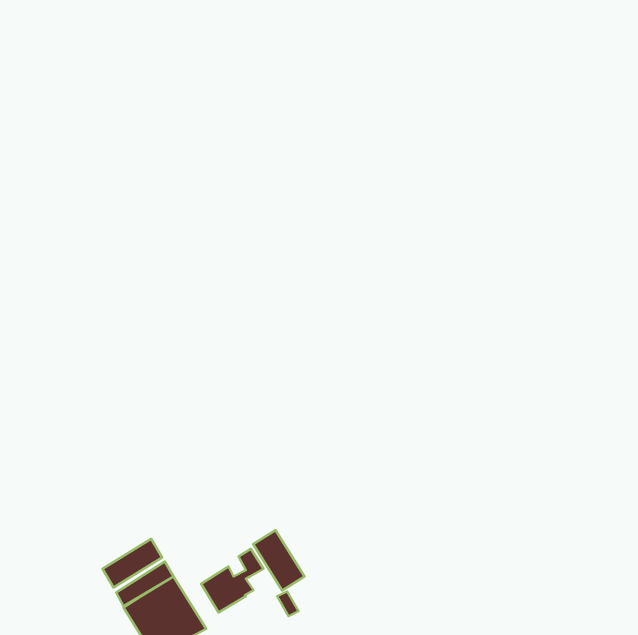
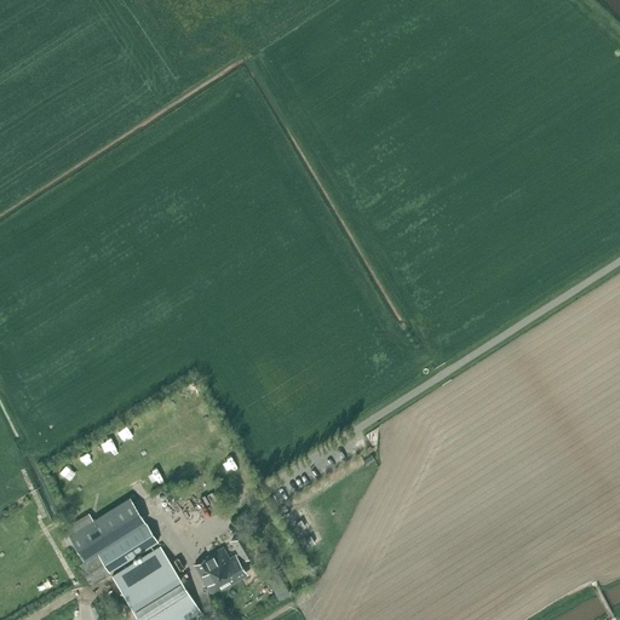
building: none -> [58,499,145,562]
building: [253,530,304,590] -> none

